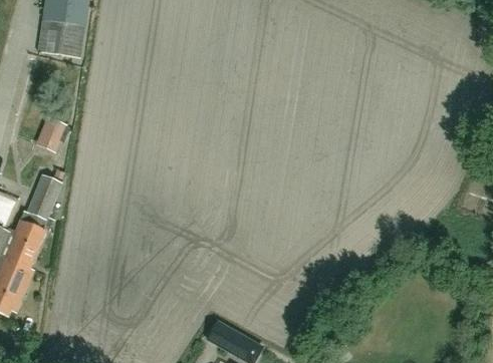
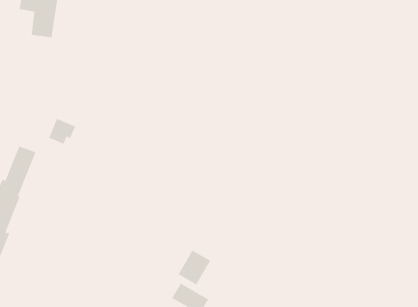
building: [38,119,68,148] -> [48,118,76,145]
building: none -> [178,250,211,286]

